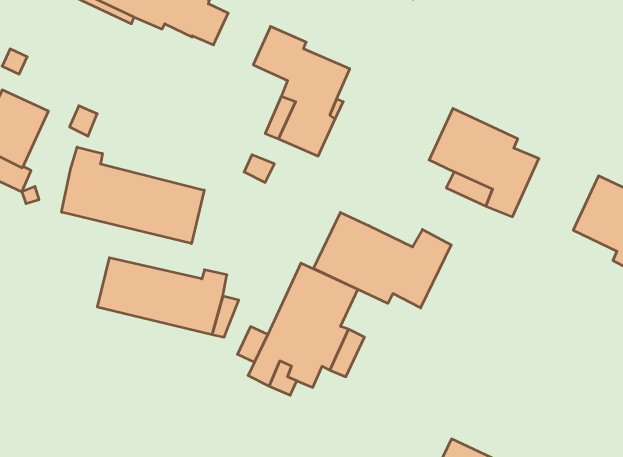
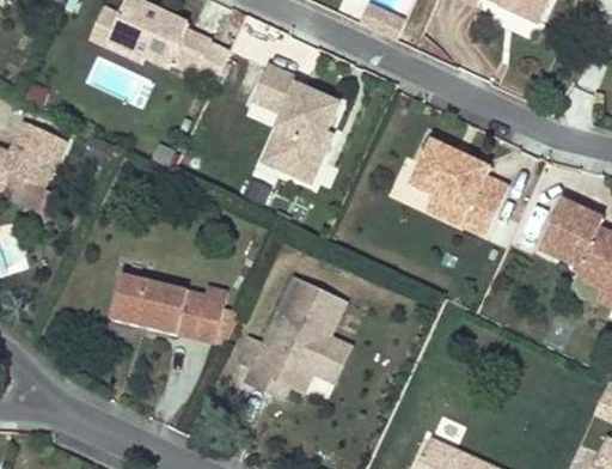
building: [62,147,204,244] -> none
building: [314,212,451,308] -> none

